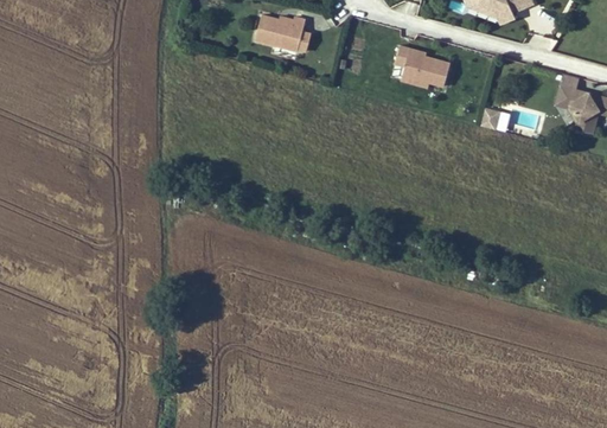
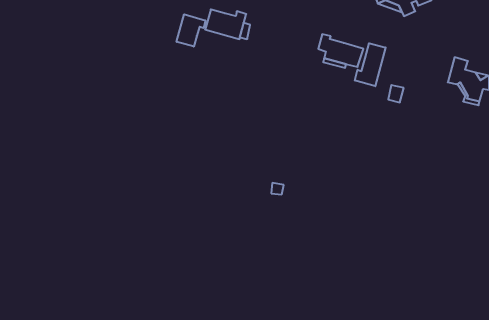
building: none -> [177,14,205,47]
building: none -> [355,43,386,86]

